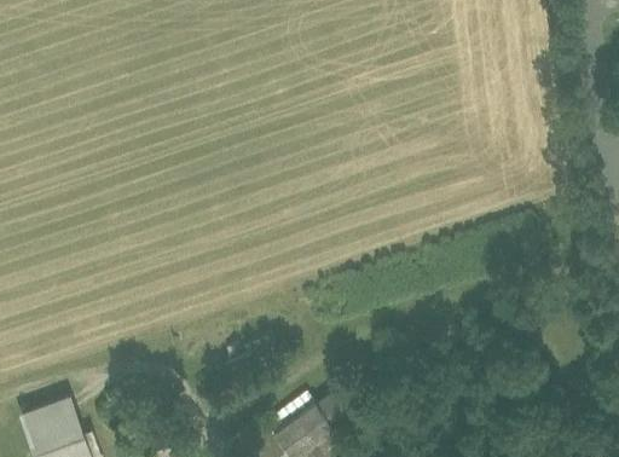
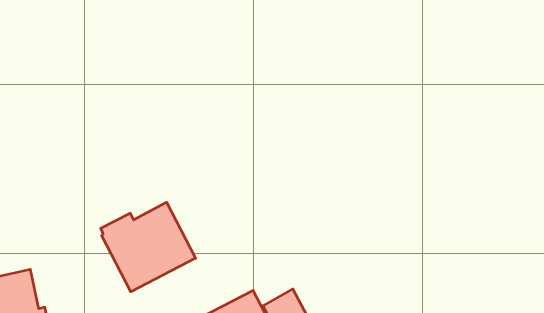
building: none -> [101,202,196,292]

